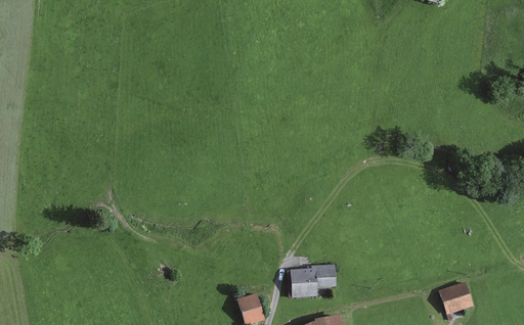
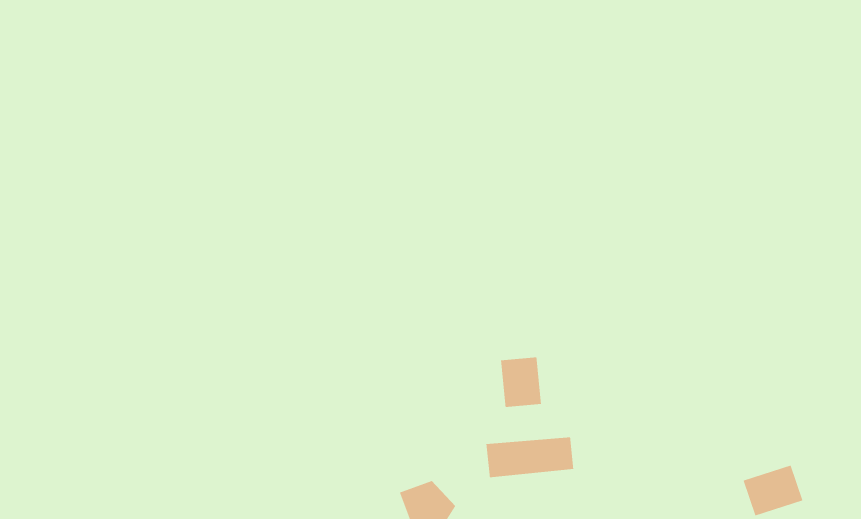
building: none -> [500,356,542,408]

